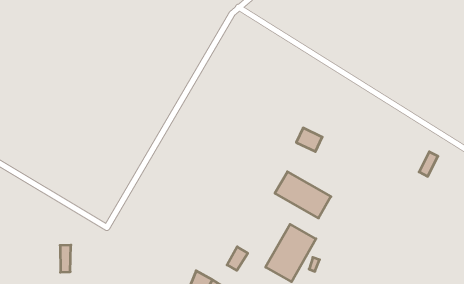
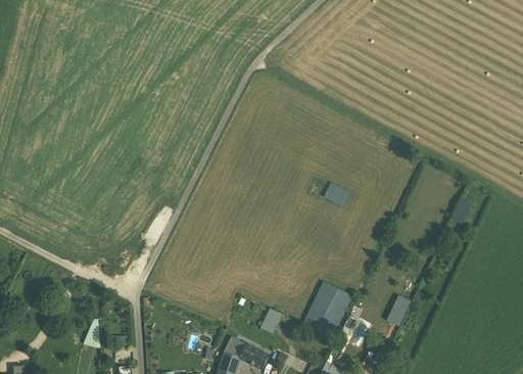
building: [275,172,331,218] -> none
building: none -> [387,293,411,325]

